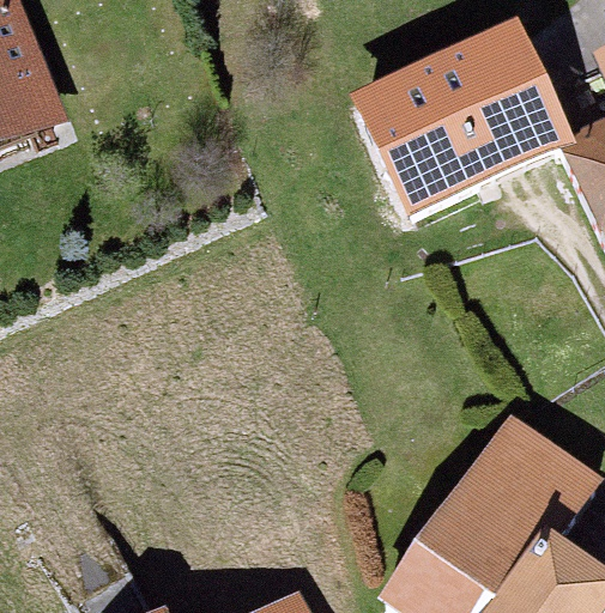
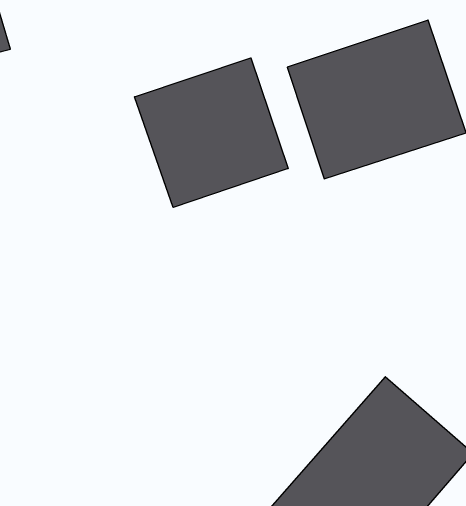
building: none -> [135,58,288,207]

